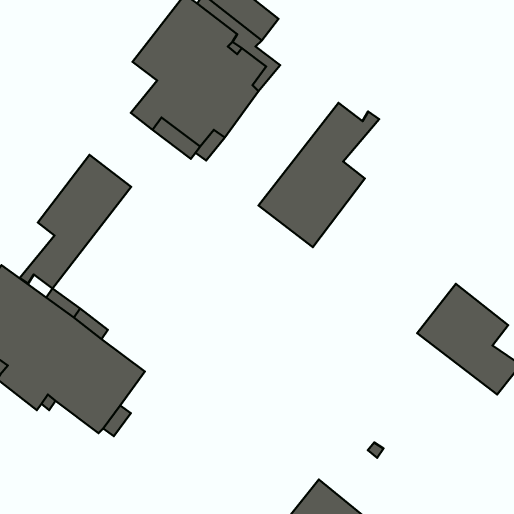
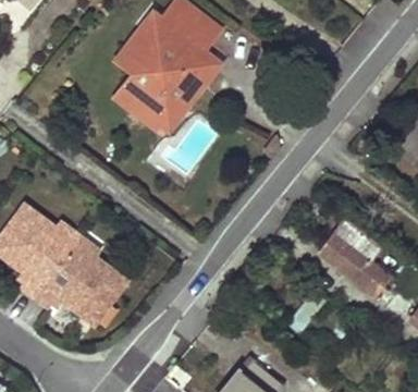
building: [259,103,379,247] -> none
building: [20,155,131,288] -> none

